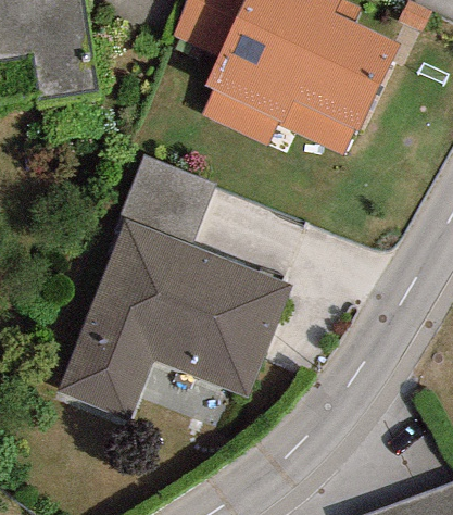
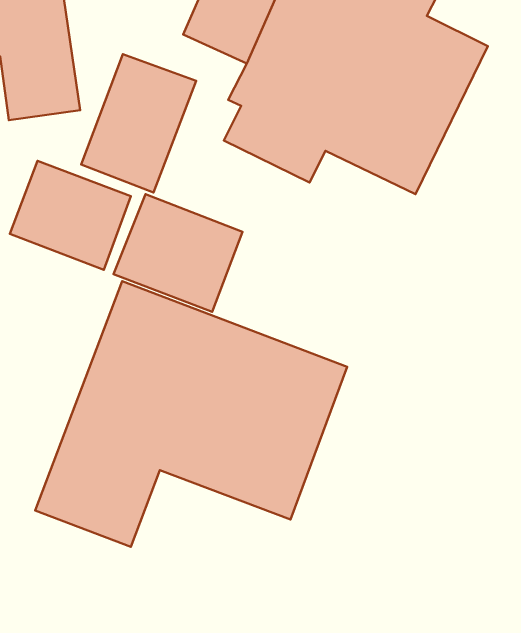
building: none -> [81,54,196,192]
building: none -> [10,161,131,270]

